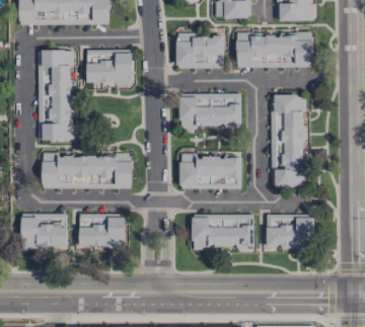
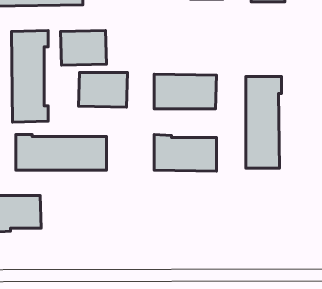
building: [235,31,311,68] -> none
building: [175,34,224,69] -> [79,72,127,107]
building: [78,214,125,248] -> none
building: [266,214,313,249] -> none
building: [192,215,253,248] -> none

